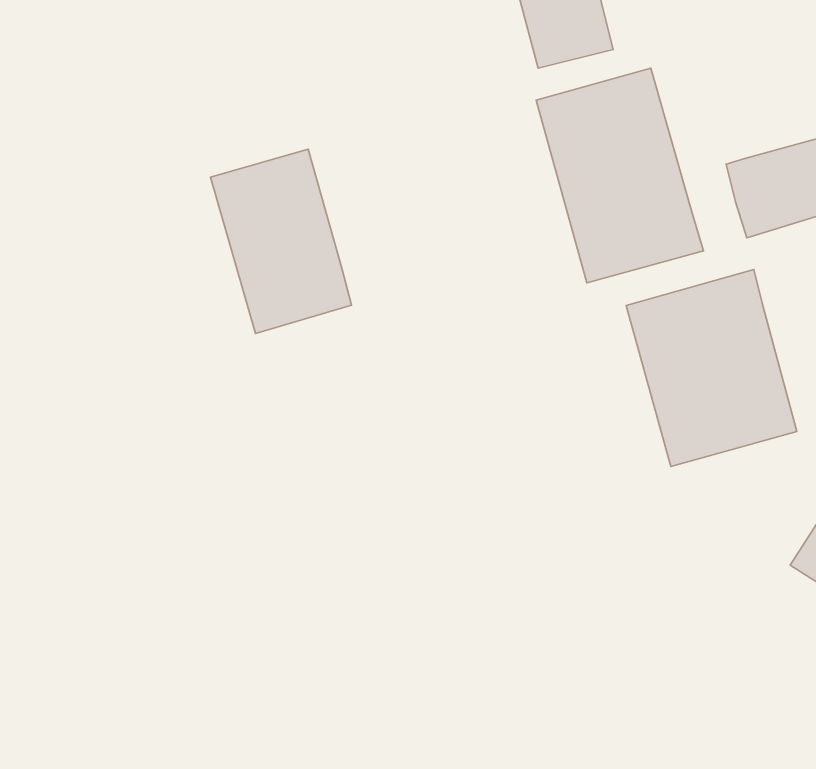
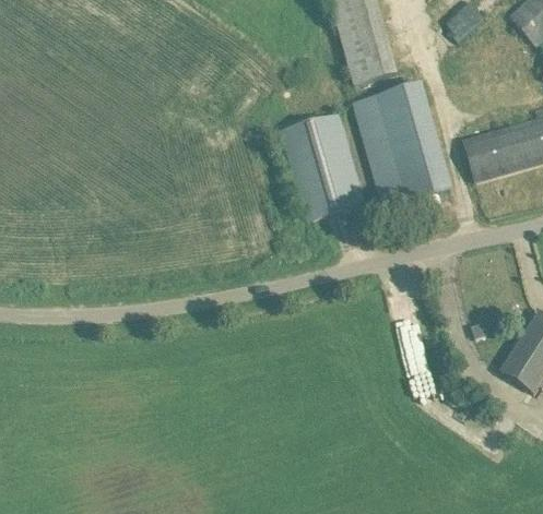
building: [210,149,352,333] -> [281,113,363,220]
building: [626,270,797,467] -> none

